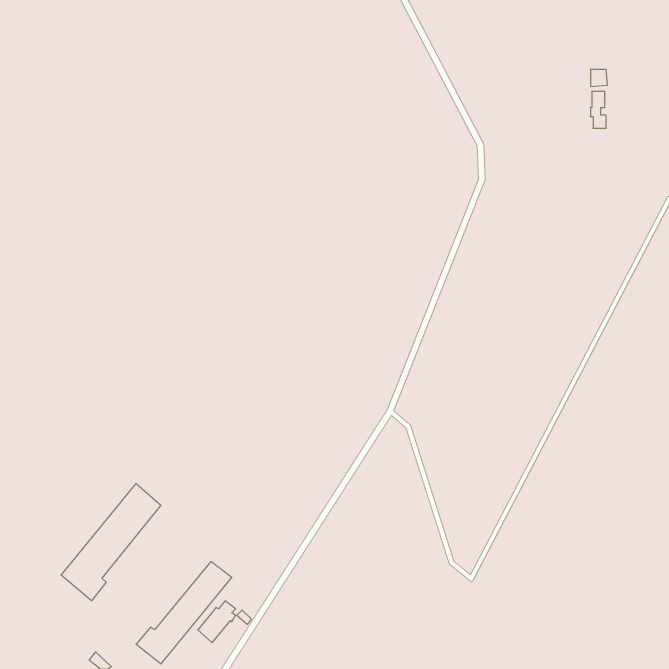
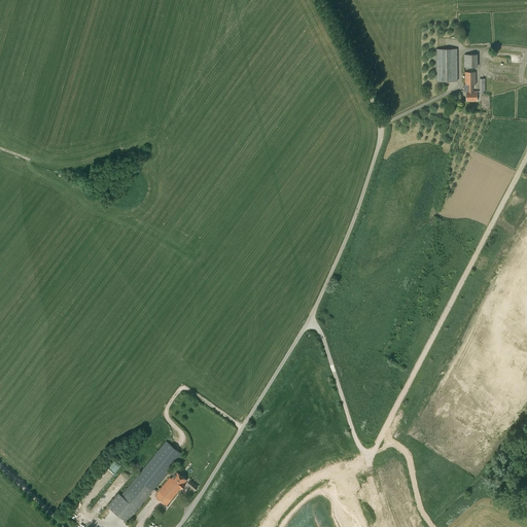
building: none -> [435,48,457,81]
building: [61,484,161,601] -> none

